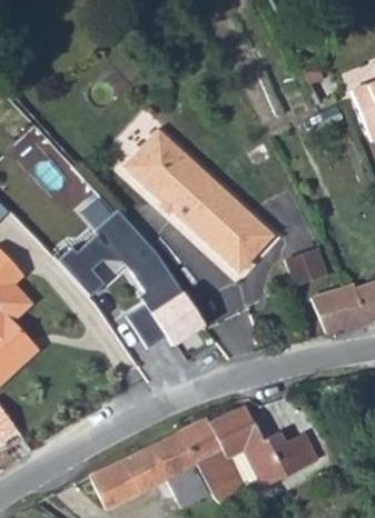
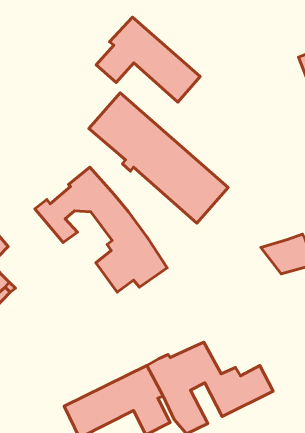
building: none -> [96,17,200,102]
building: [283,251,326,289] -> none

